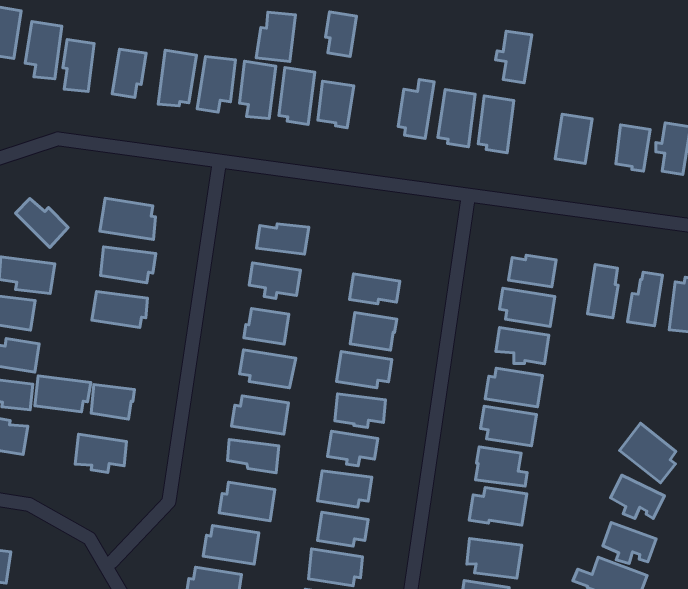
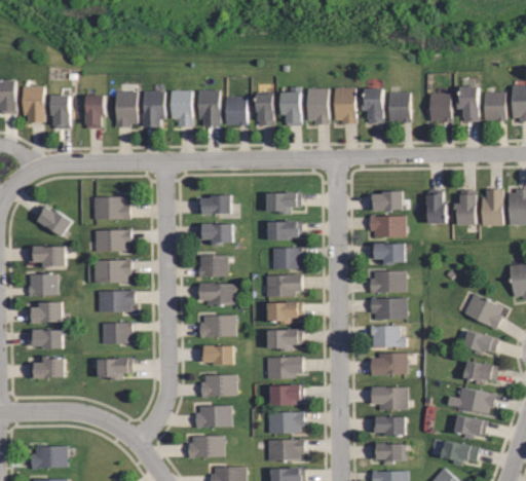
building: [326,12,357,56] -> [255,97,273,124]
building: [256,12,296,61] -> none
building: [496,31,532,83] -> [361,89,382,122]
building: none -> [265,192,300,213]
building: [35,376,91,412] -> [97,291,133,312]

